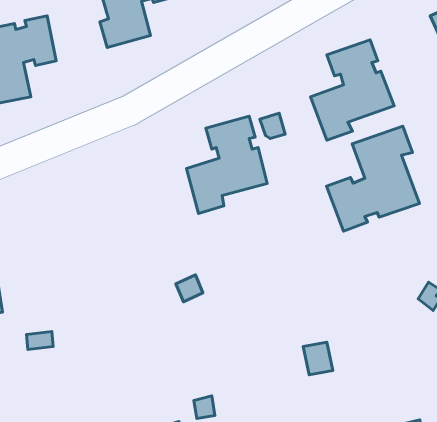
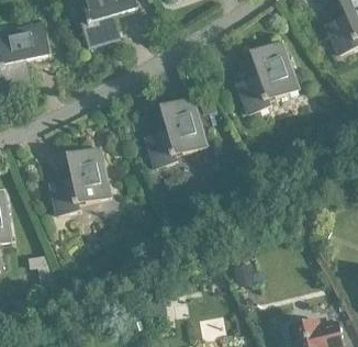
building: [326,126,419,231] -> none
building: none -> [49,146,109,215]

